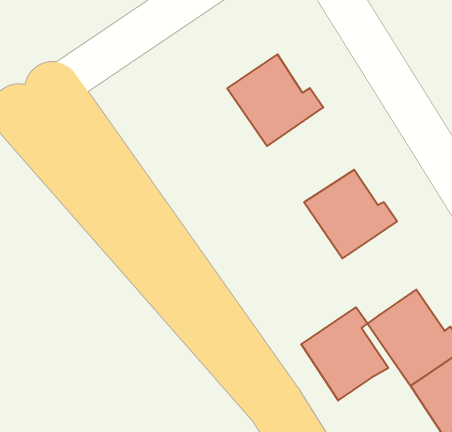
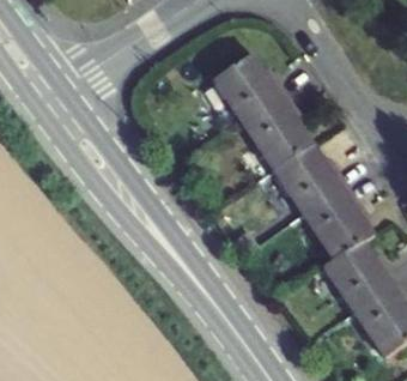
building: none -> [242,92,312,169]
building: [301,307,388,401] -> [303,185,373,260]

